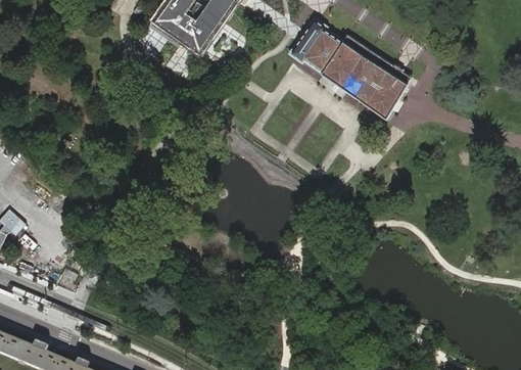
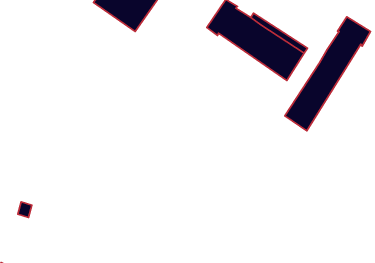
building: none -> [285,17,371,131]

